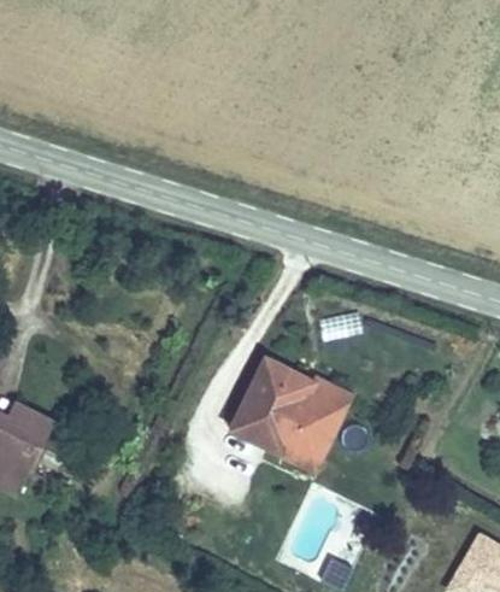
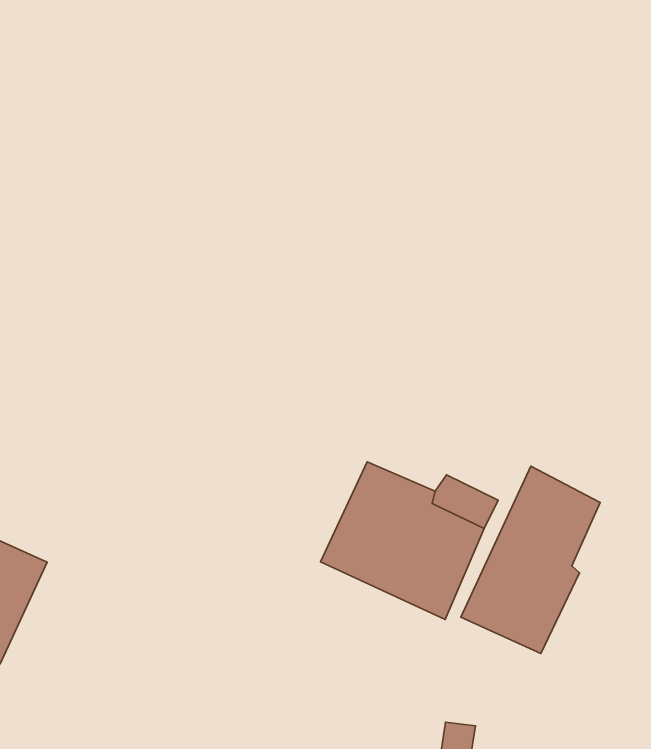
building: none -> [461,466,600,653]

